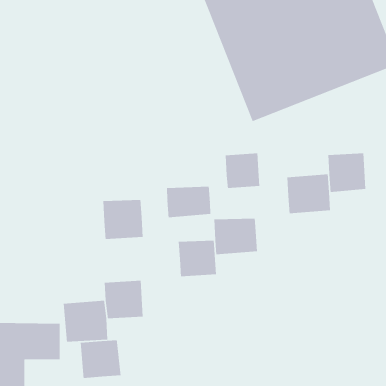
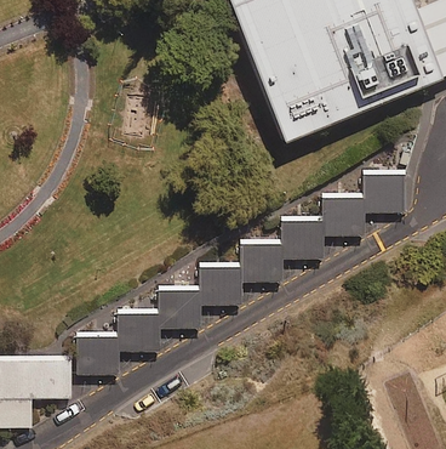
building: [225,153,260,188] -> [284,217,322,256]
building: [166,186,211,218] -> none
building: [103,200,144,240] -> [159,286,204,330]
building: [80,339,121,379] -> none

